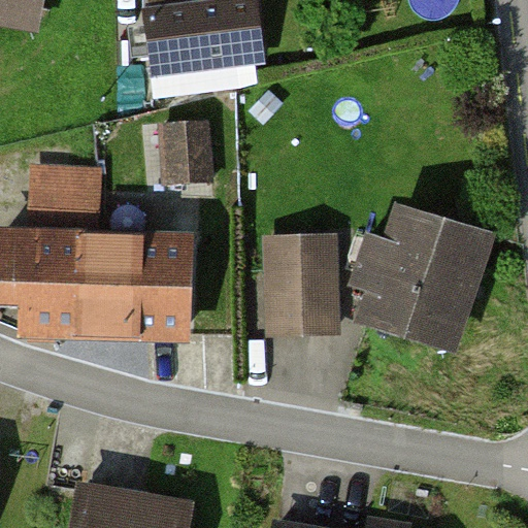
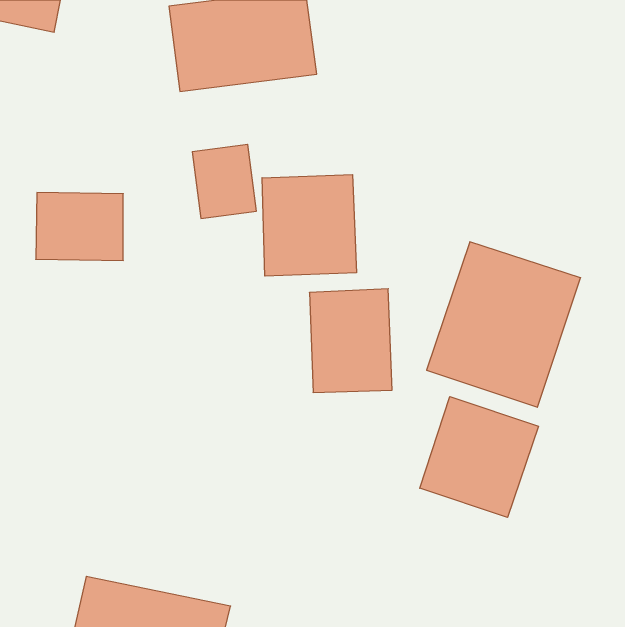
building: none -> [262,175,356,276]
building: [24,227,187,337] -> none
building: none -> [420,397,539,517]

